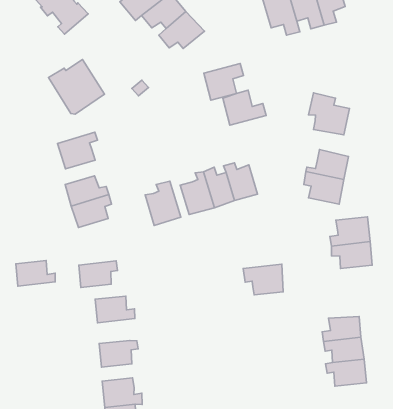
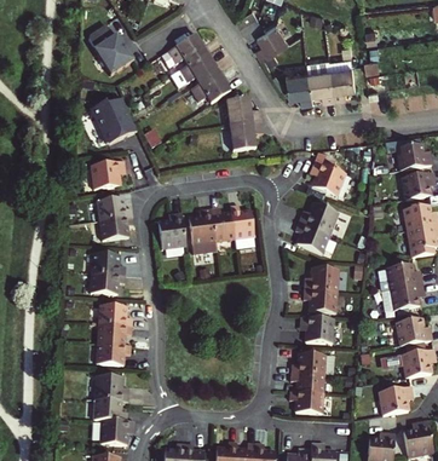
building: [223,90,266,125] -> [220,99,255,127]
building: [16,261,55,286] -> [90,257,123,277]
building: [243,264,283,295] -> [298,318,332,344]
building: none -> [97,328,131,347]

